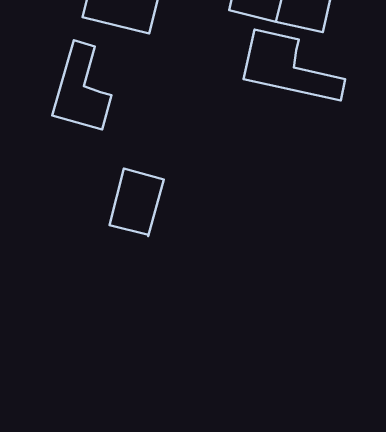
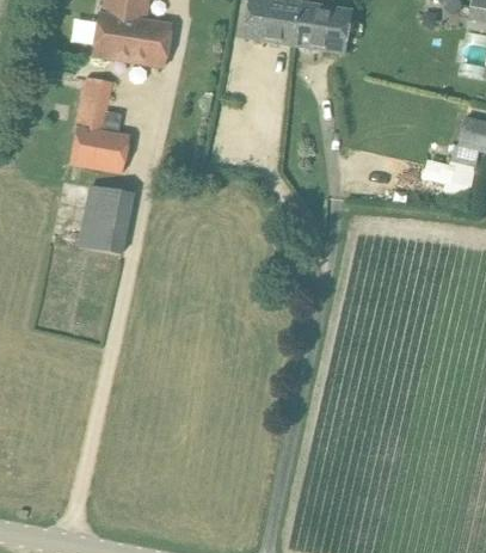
building: [243,29,345,100] -> none
building: [109,169,164,236] -> [79,185,133,254]

